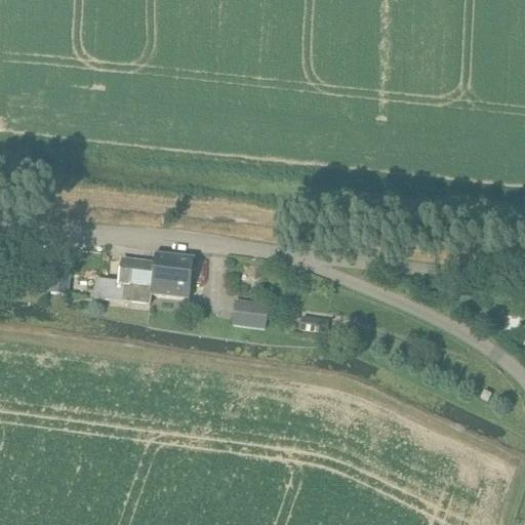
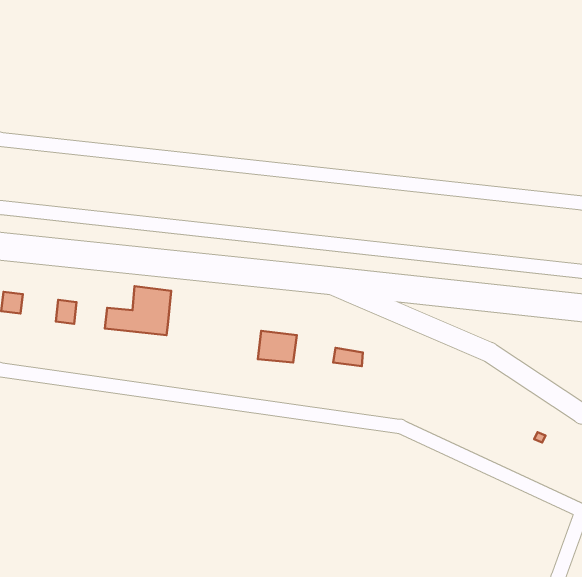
building: [151,251,196,296] -> none

